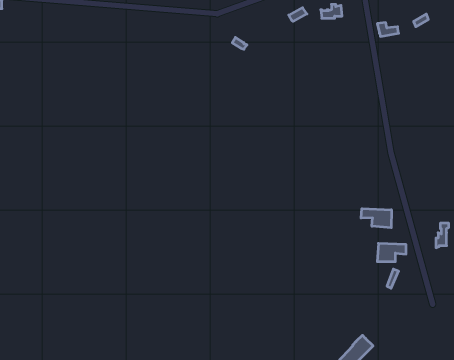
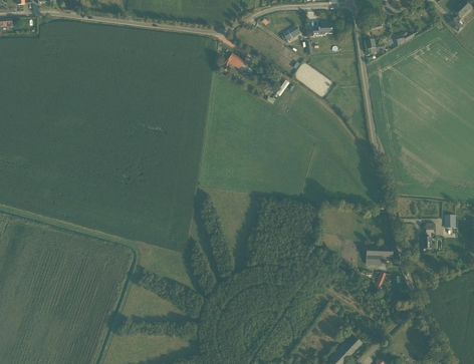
building: [361,209,391,228] -> none

